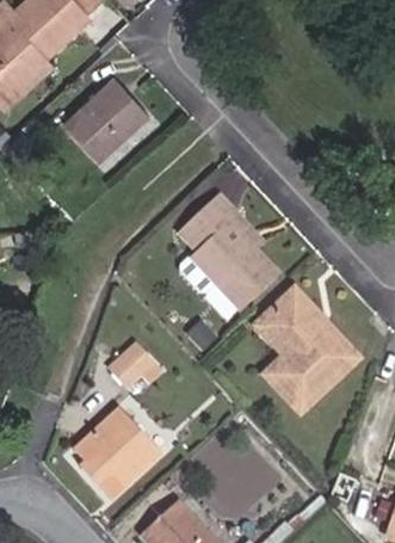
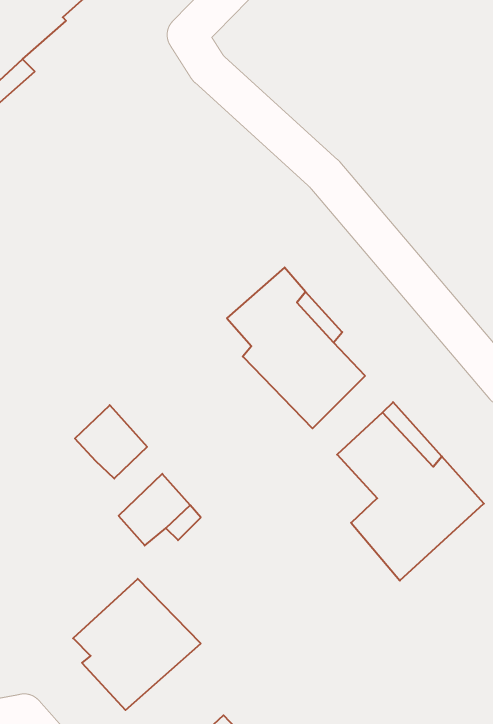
building: [58,75,143,158] -> none
building: none -> [75,405,147,479]

